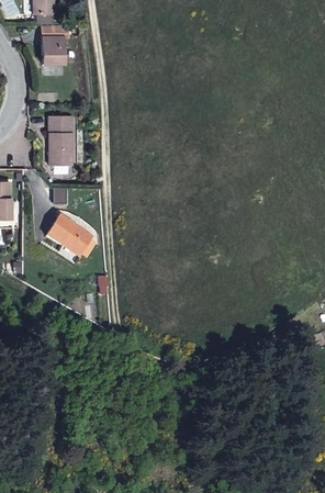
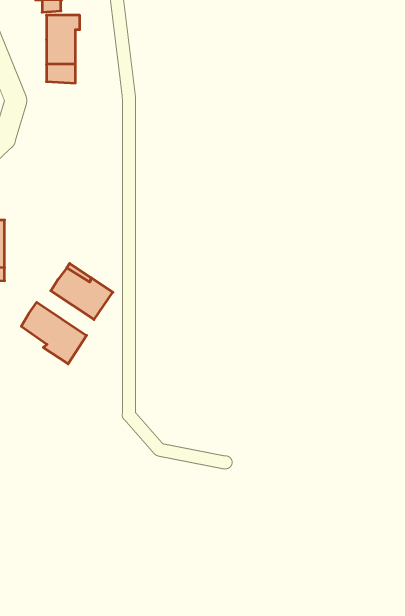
building: [49,114,74,164] -> none
building: none -> [21,302,87,364]

